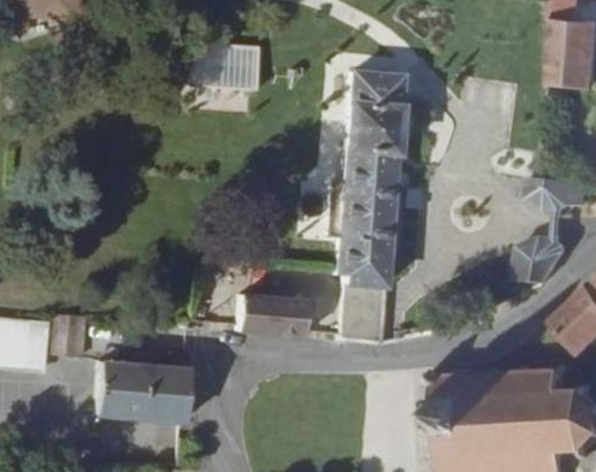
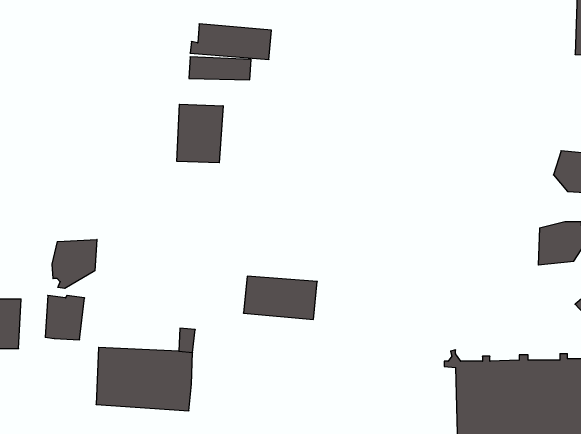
building: [330,70,408,343] -> none
building: none -> [177,104,223,163]
building: none -> [52,239,97,288]

